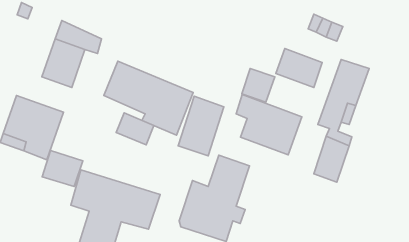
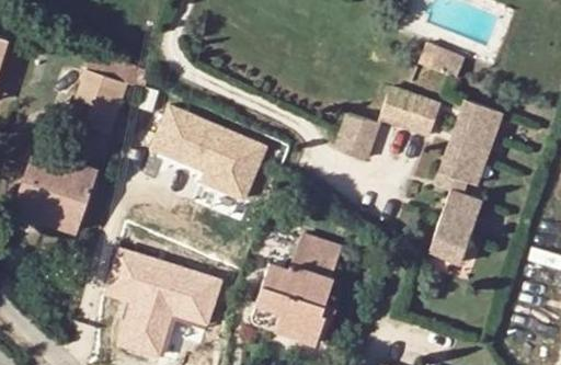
building: [236,95,302,155] -> none
building: [178,96,224,156] -> none
building: [116,113,154,145] -> none
building: [42,151,83,186] -> none

